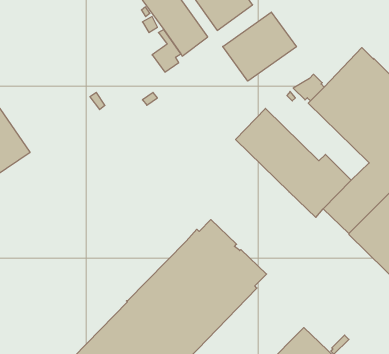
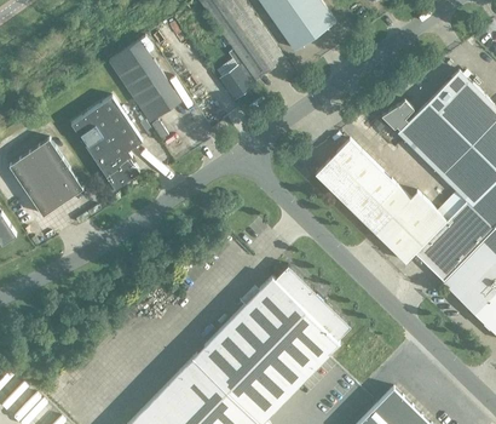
building: [223,12,296,81] -> none
building: none -> [108,40,180,122]
building: none -> [70,97,142,189]

